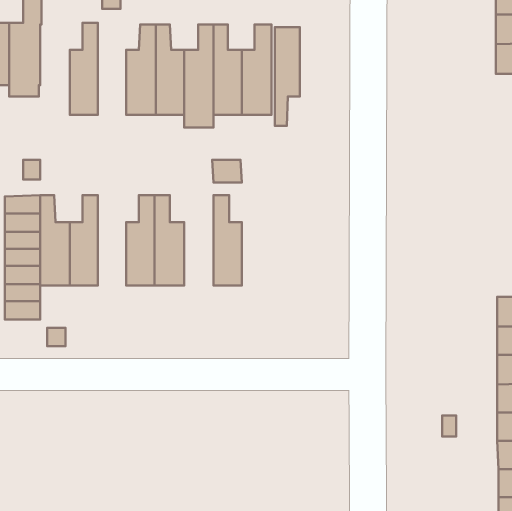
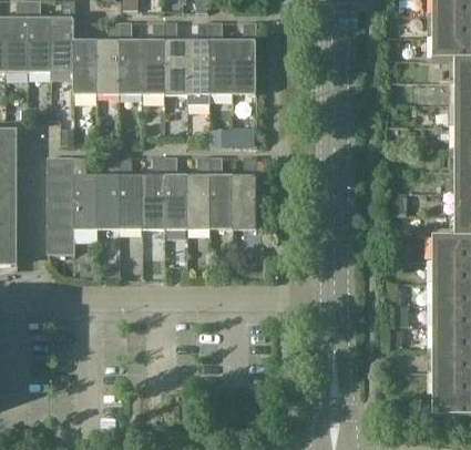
building: none -> [120,21,142,93]
building: none -> [73,22,98,93]
building: [275,27,300,126] -> none
building: none -> [120,156,142,227]
building: none -> [187,156,211,227]
building: none -> [233,156,263,227]

